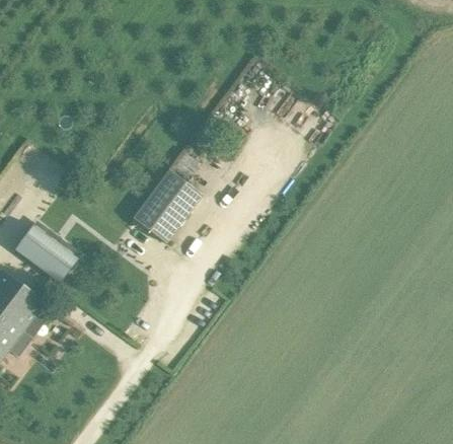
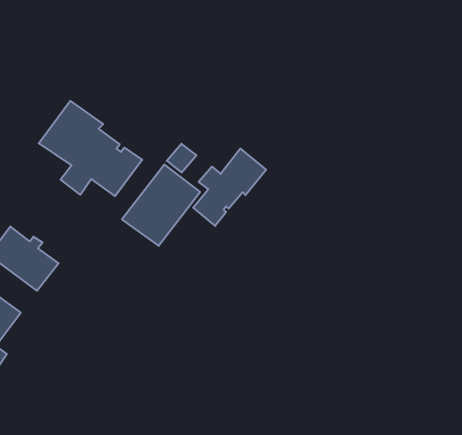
building: none -> [39,101,142,196]
building: none -> [193,149,266,226]

